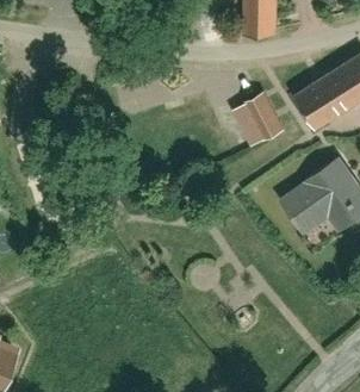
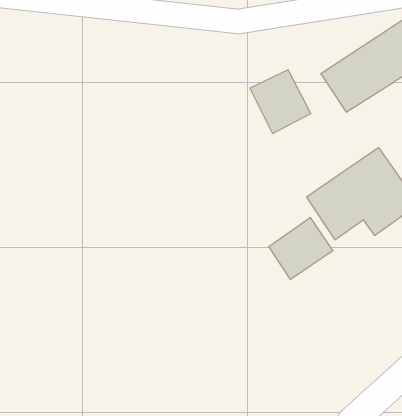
building: none -> [269,217,333,279]

